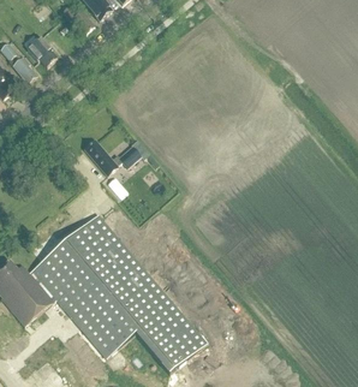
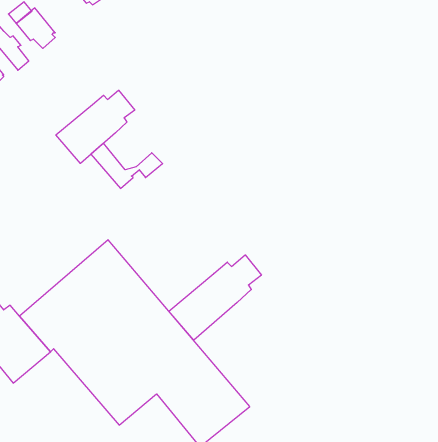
building: none -> [56,90,135,163]
building: none -> [169,255,261,340]

